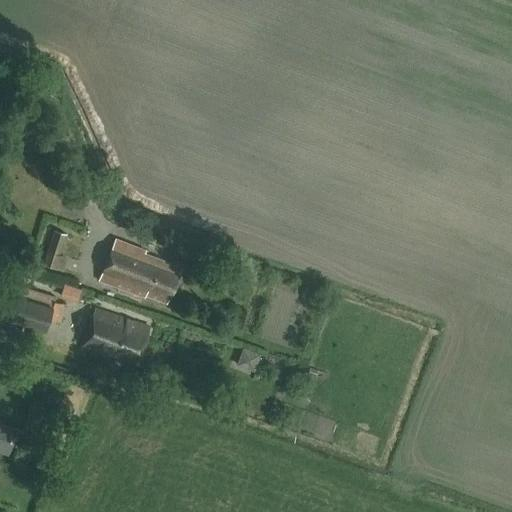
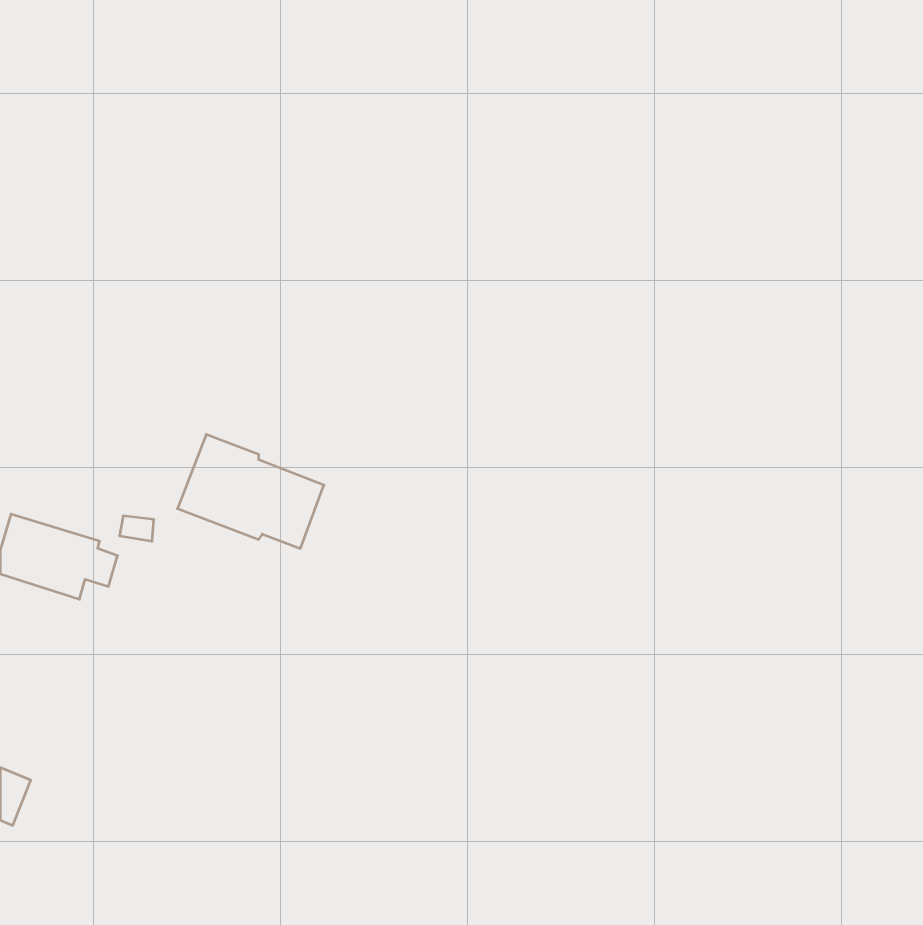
building: [44,232,68,272] -> none
building: [82,310,150,366] -> none

